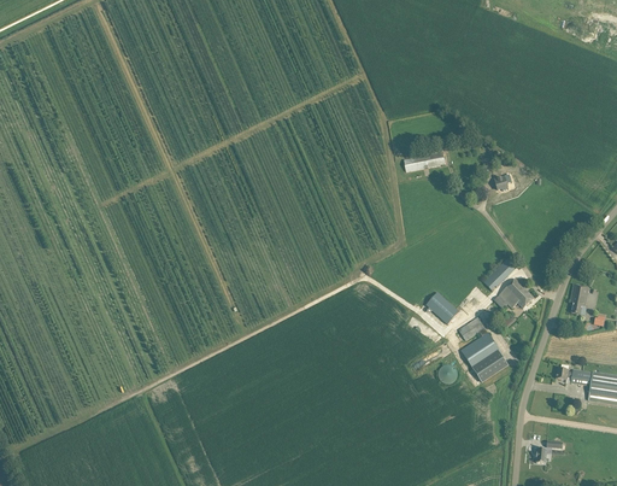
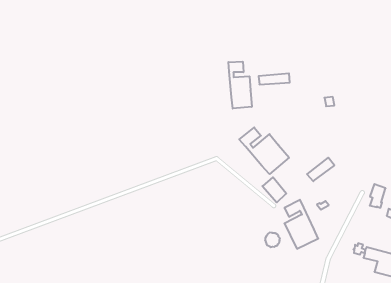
building: none -> [228,62,252,109]
building: none -> [239,127,289,174]
building: [493,276,534,306] -> none

